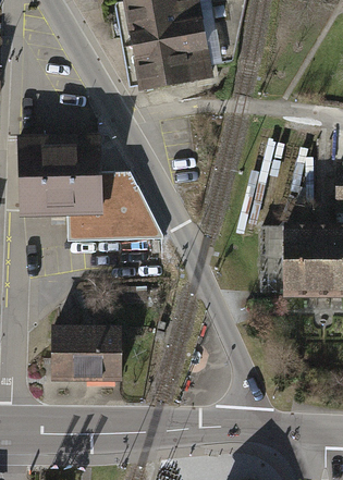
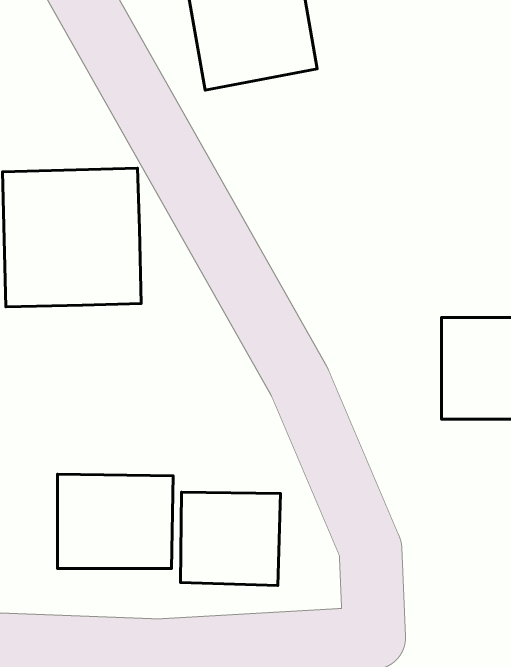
building: [66,173,162,244] -> none
building: none -> [180,492,280,586]

